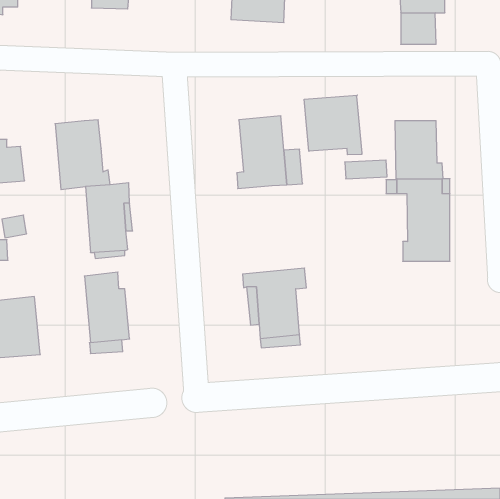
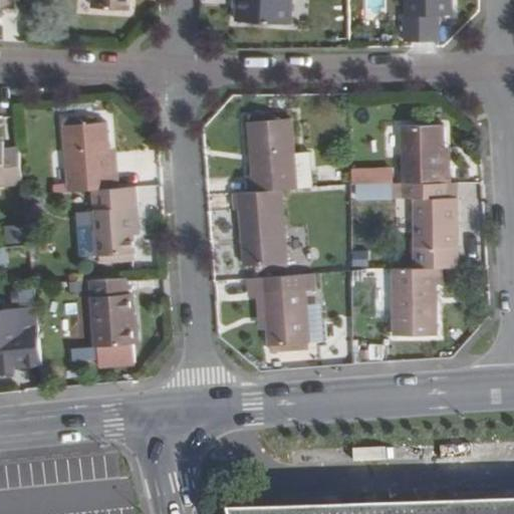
building: [304,95,362,155] -> none
building: none -> [229,190,285,267]
building: none -> [393,270,444,338]

